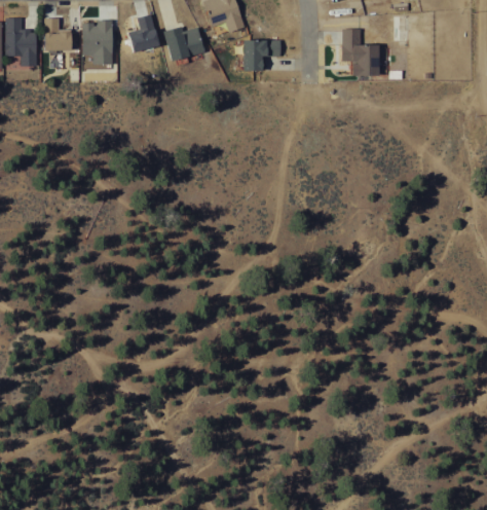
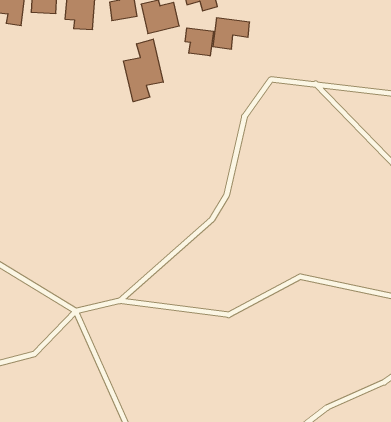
building: [341,29,380,75] -> none
building: none -> [185,28,213,56]
building: none -> [124,39,163,102]

